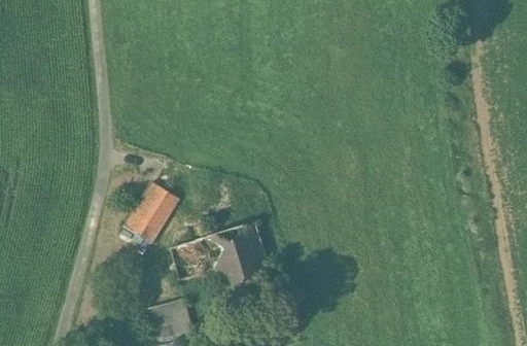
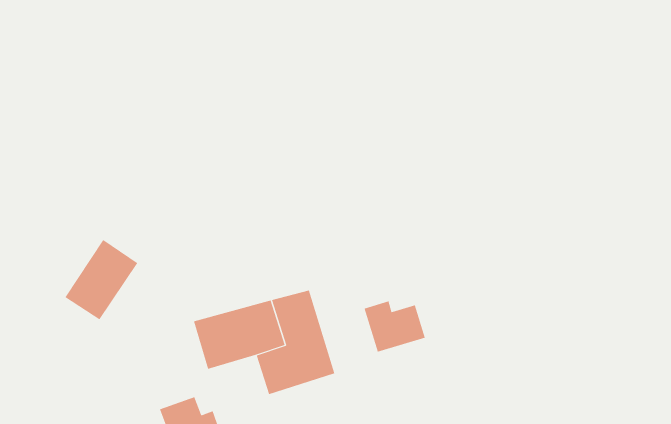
building: [125,183,178,242] -> [64,239,138,320]
building: none -> [364,301,426,353]

